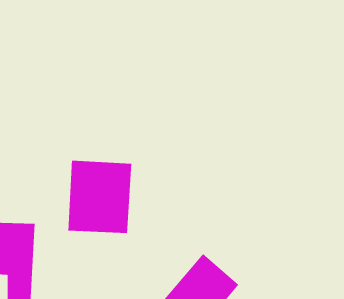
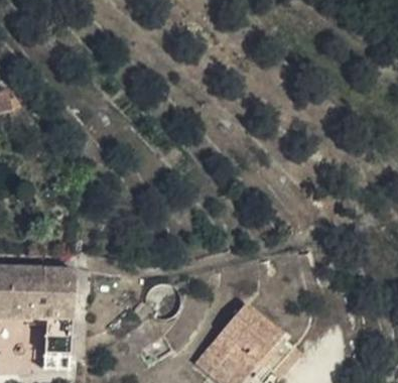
building: [68,160,132,234] -> none

